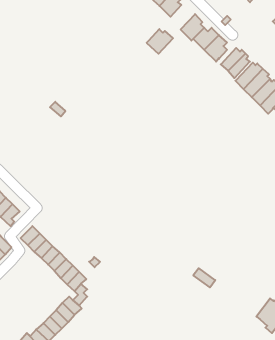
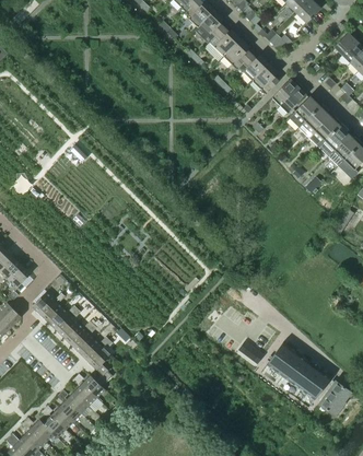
building: [147,29,173,54] -> [209,27,241,57]
building: none -> [266,342,330,400]

